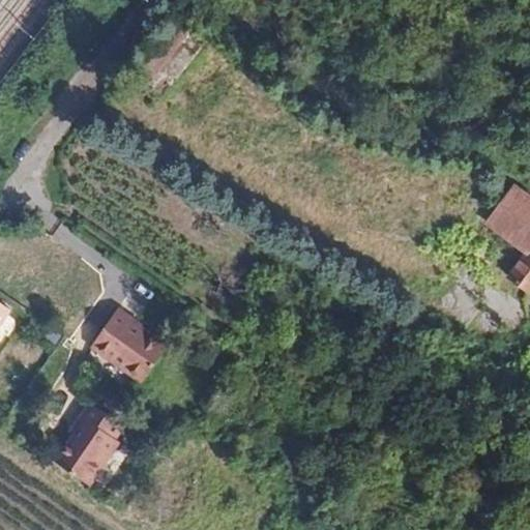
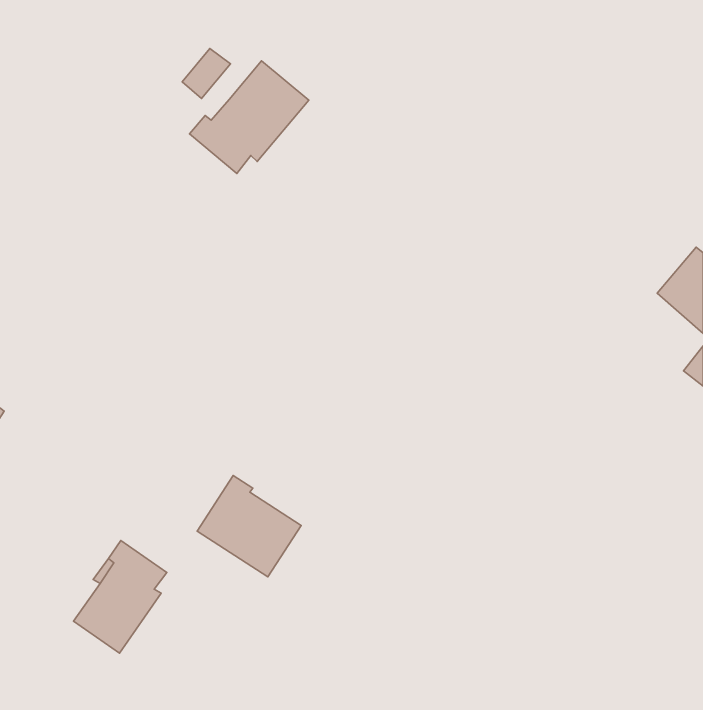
building: none -> [190,61,309,173]
building: [90,307,168,383] -> [197,476,301,577]

